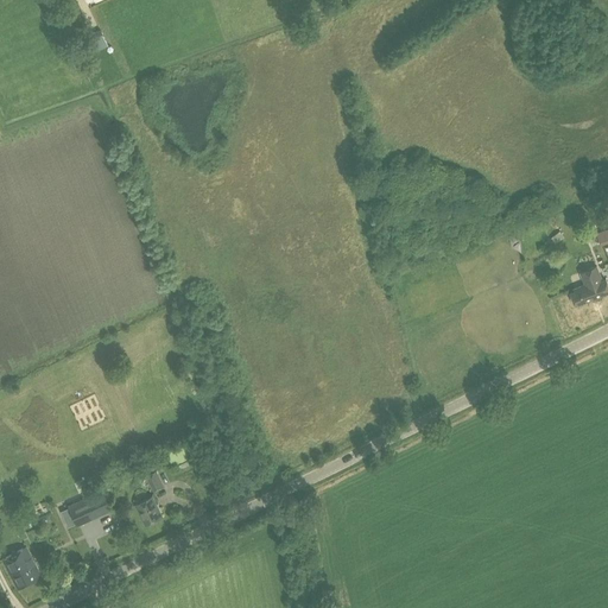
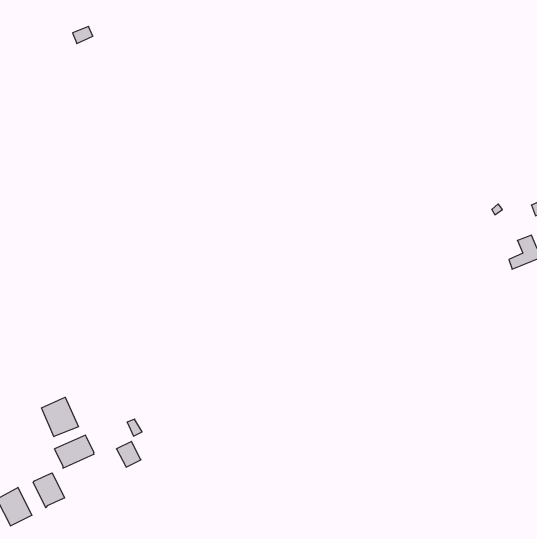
building: none -> [42,397,78,437]
building: none -> [33,473,65,508]

